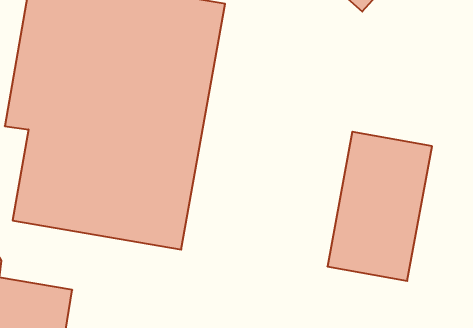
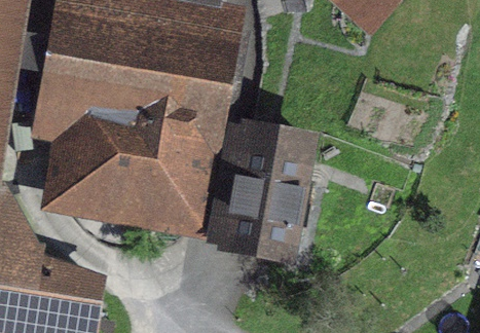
building: [327,132,432,281] -> [220,121,316,258]

